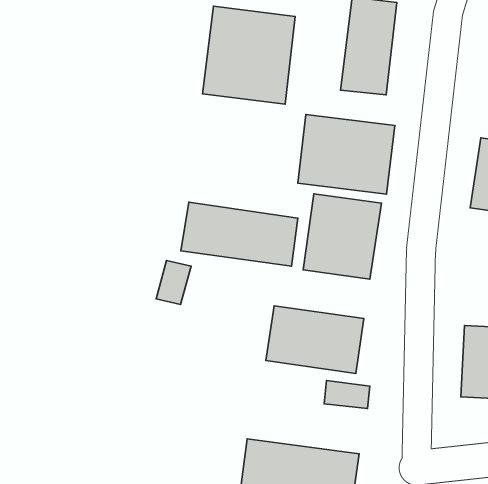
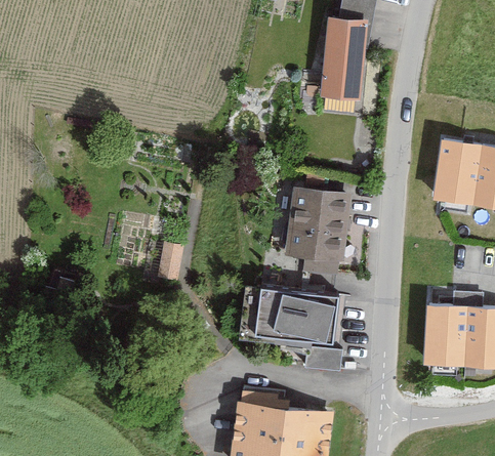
building: [203,6,295,104] -> none
building: [298,115,395,194] -> none
building: [181,202,298,266] -> none

